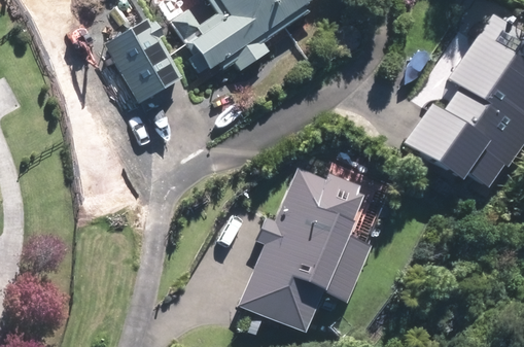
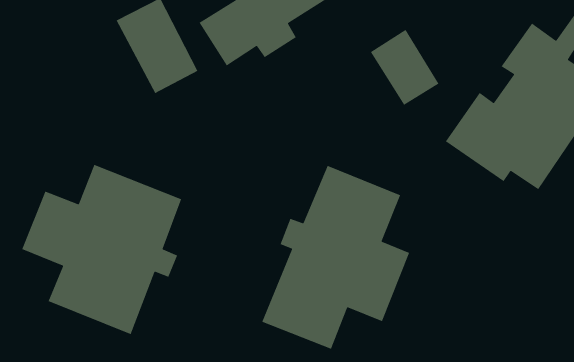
building: none -> [370,29,440,106]
building: none -> [21,164,182,335]

